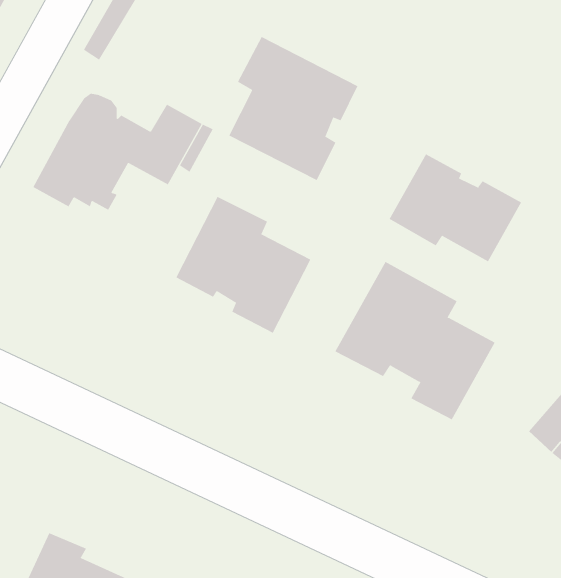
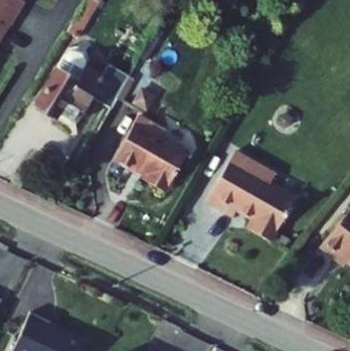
building: [229,36,358,181] -> none
building: [389,153,522,262] -> none

